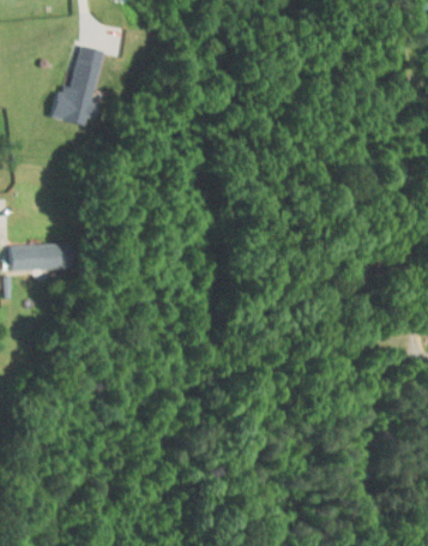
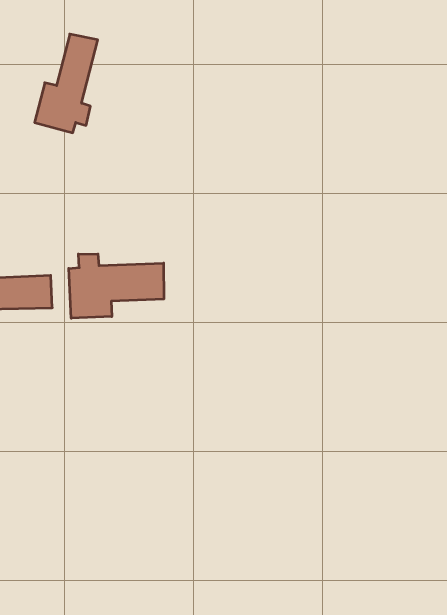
building: none -> [69,254,164,318]

